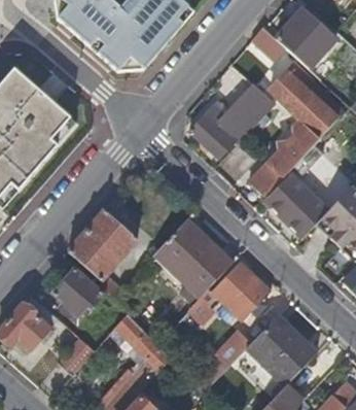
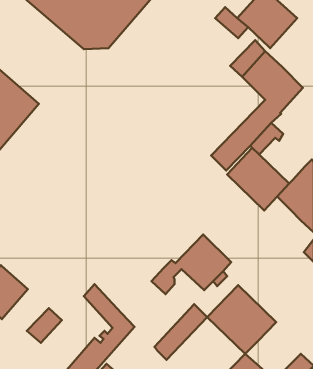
building: [190,82,276,157] -> none
building: [69,208,139,296] -> none
building: [154,218,232,297] -> none
building: [51,268,104,316] -> none

